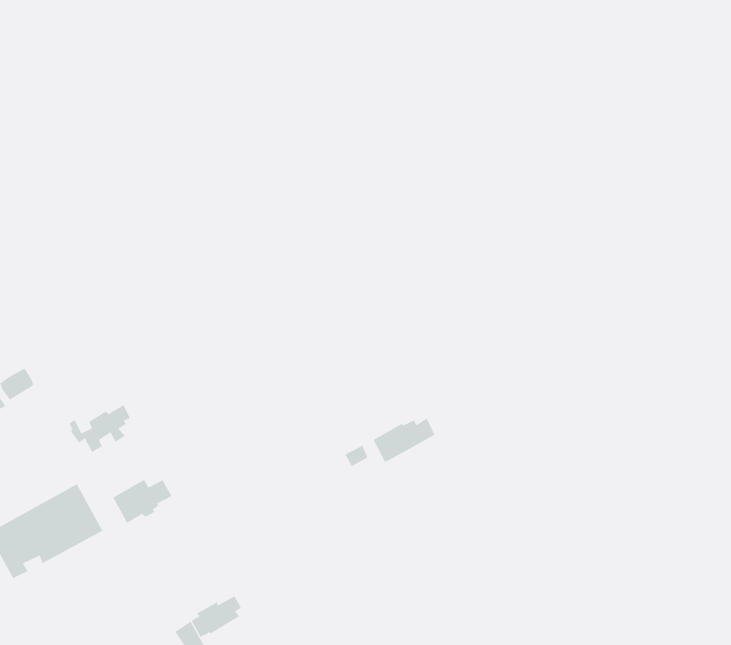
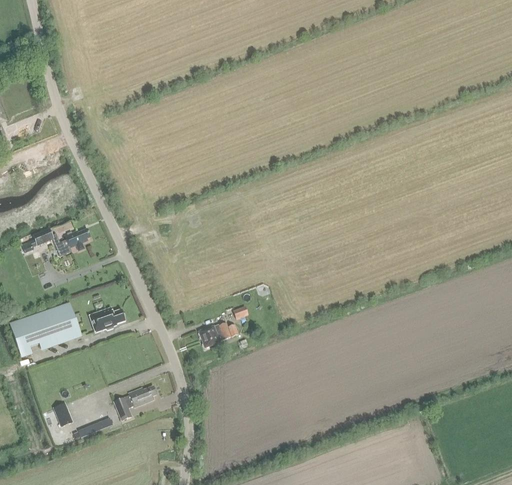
building: [69,404,131,453] -> [52,229,90,255]
building: [373,418,435,463] -> [199,324,237,347]

